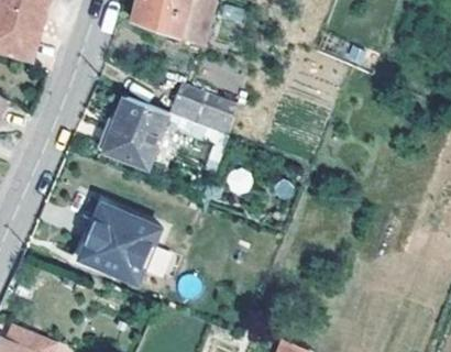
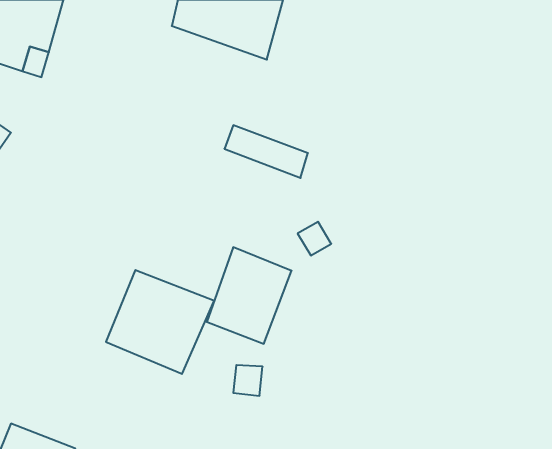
building: [105,95,168,167] -> [207,247,292,344]

